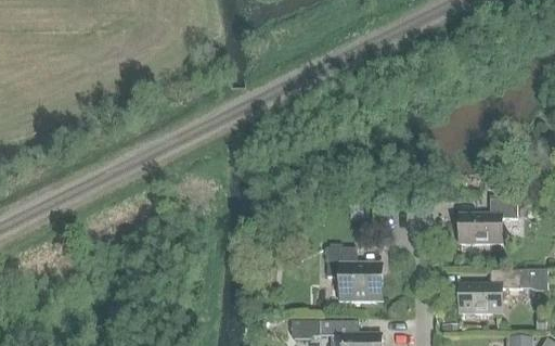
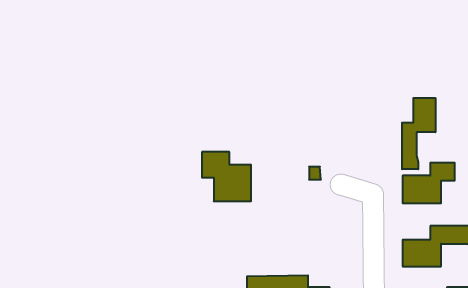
building: none -> [402,98,435,169]
building: [327,247,382,302] -> [202,152,251,201]

